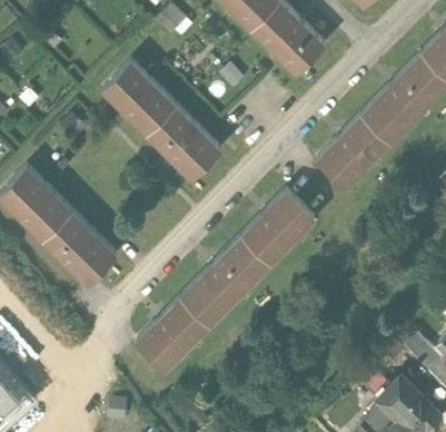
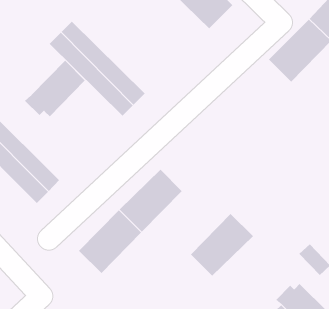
building: [317,110,394,188] -> none
building: none -> [24,60,85,117]
building: [236,193,313,269] -> [190,213,254,277]

